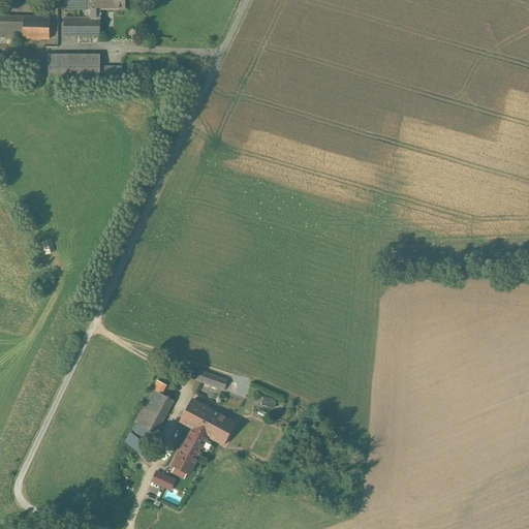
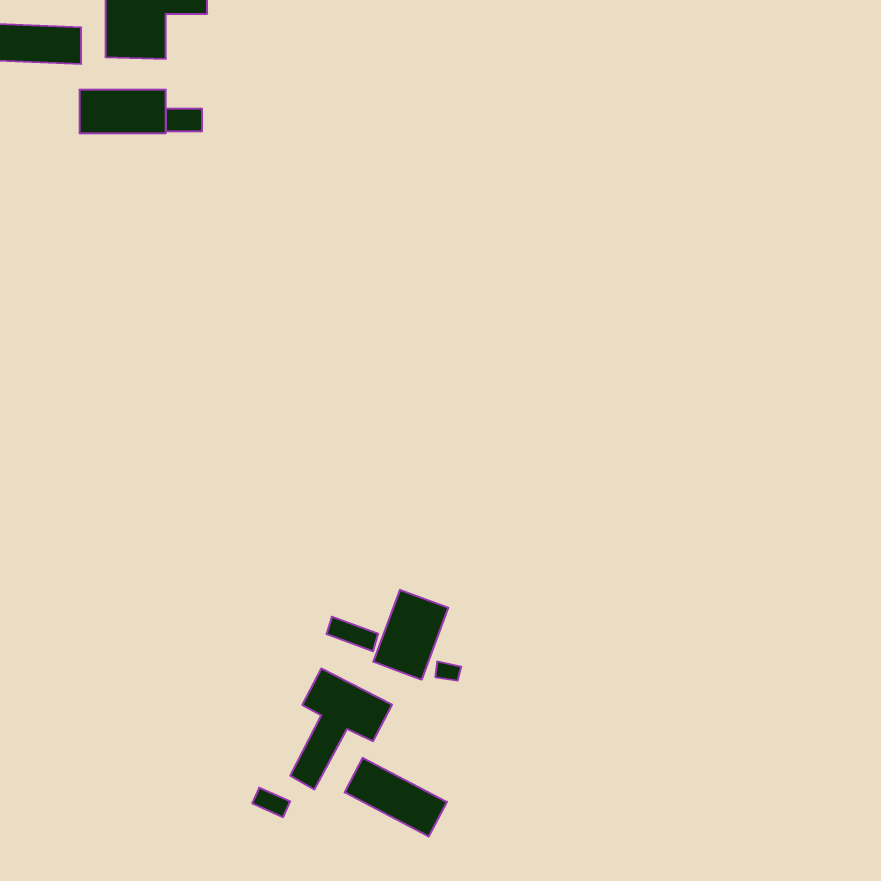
building: none -> [373,590,448,680]
building: [133,380,173,434] -> none
building: none -> [345,758,447,837]

